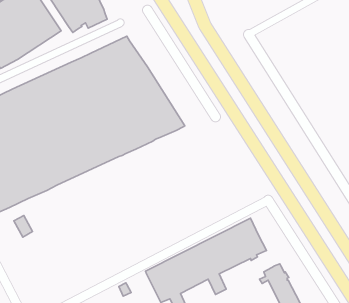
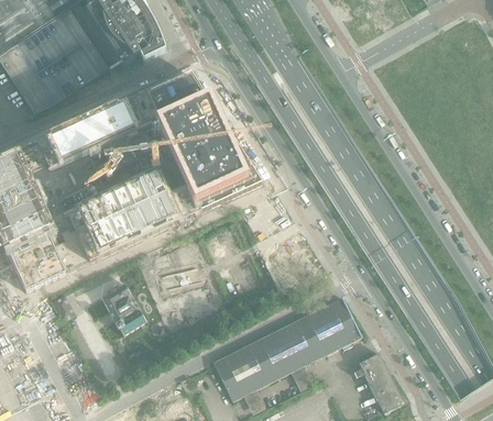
building: none -> [100,281,145,333]

